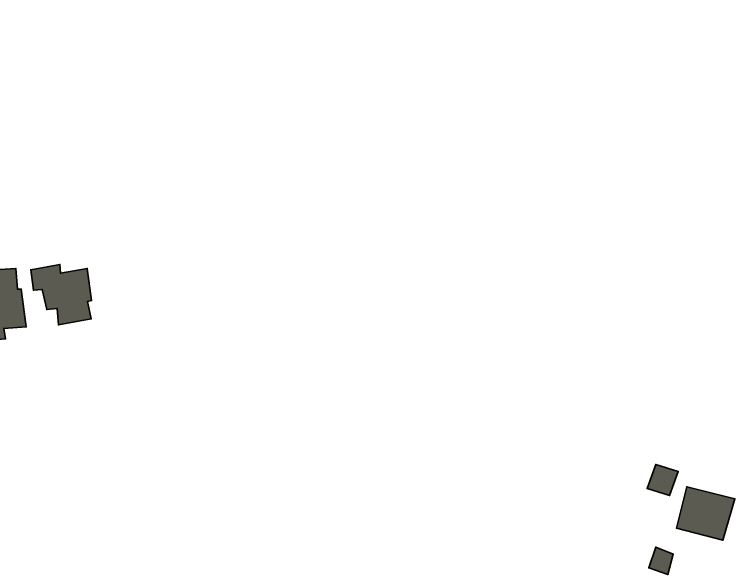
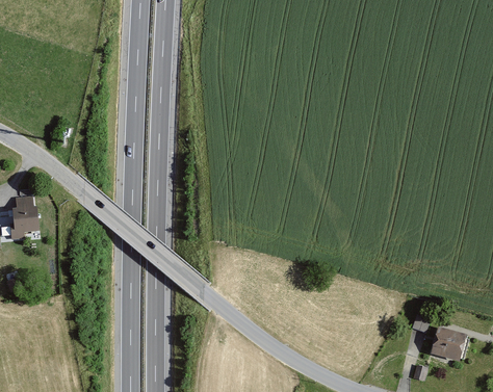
building: [31,265,92,325] -> none

